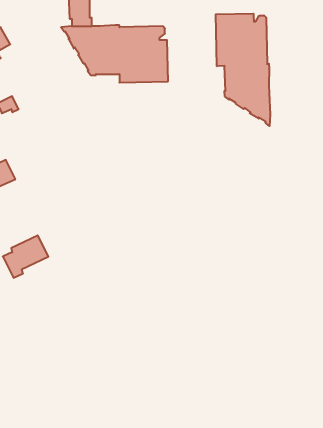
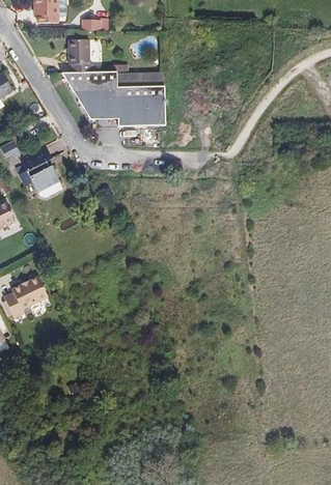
building: [216,14,270,126] -> none
building: none -> [27,160,59,192]

